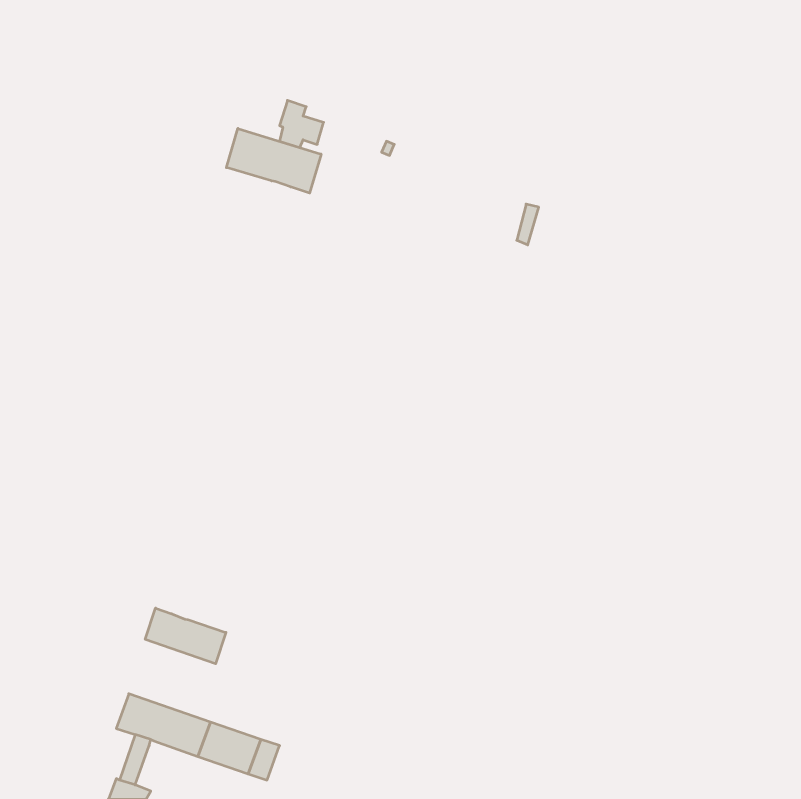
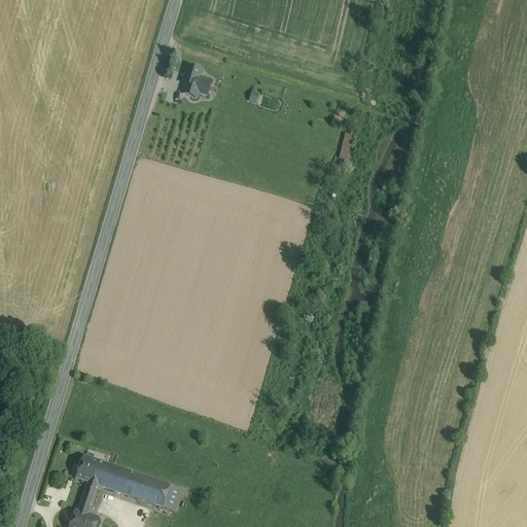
building: [226,128,321,193] -> none
building: [145,608,226,664] -> none

